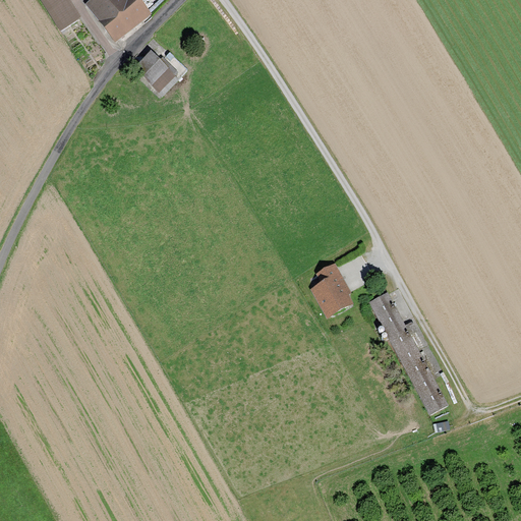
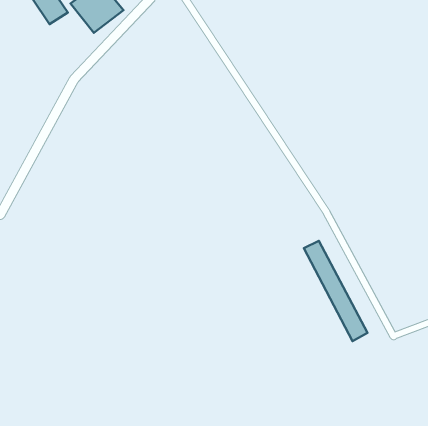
building: [137,51,179,93] -> none
building: [311,265,349,315] -> none

